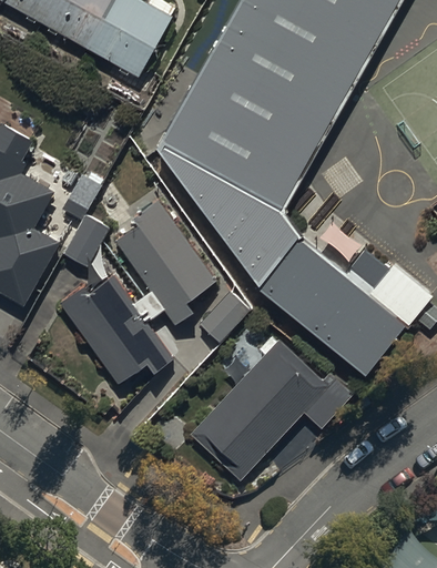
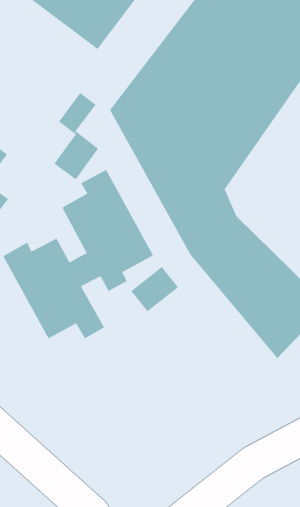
building: [63,175,109,267] -> [53,92,99,180]
building: [190,339,354,481] -> none

